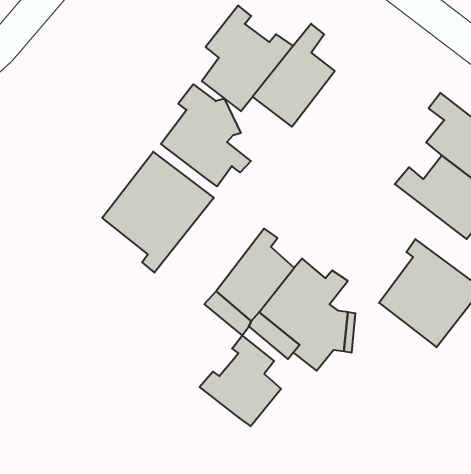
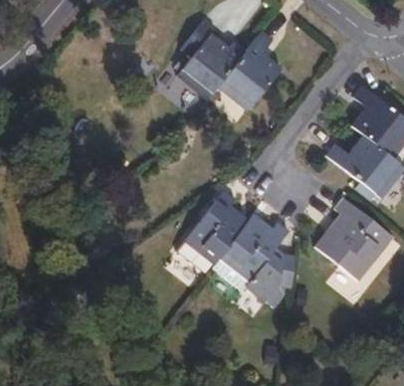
building: [161,84,251,186] -> none
building: [102,152,214,273] -> none
building: [200,336,281,426] -> none

